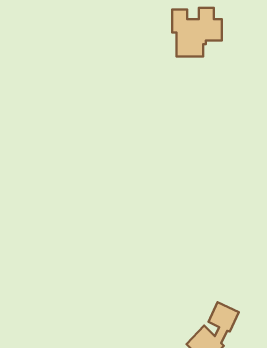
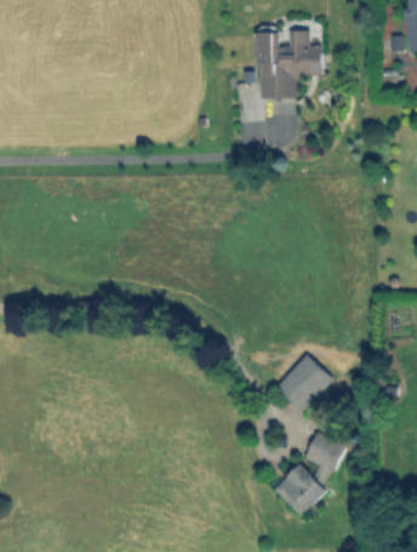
building: none -> [276,355,332,411]

